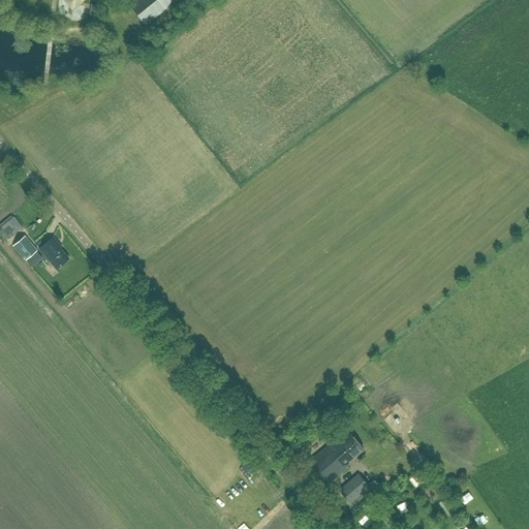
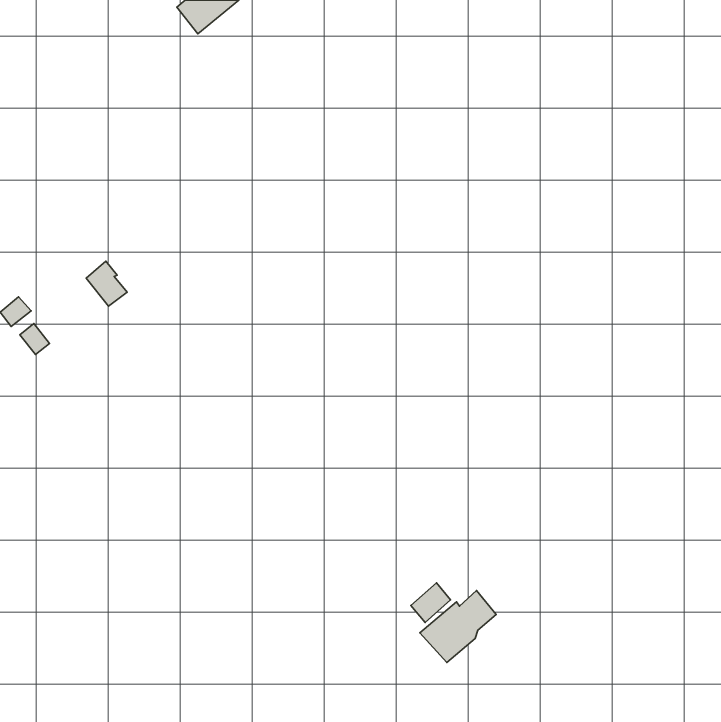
building: [40,237,70,270] -> [86,261,127,306]
building: [340,474,369,503] -> [411,583,450,622]

